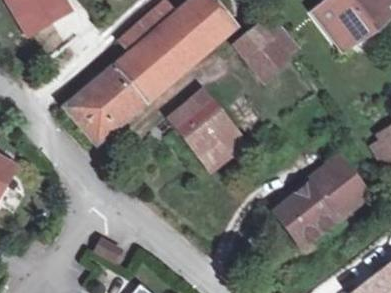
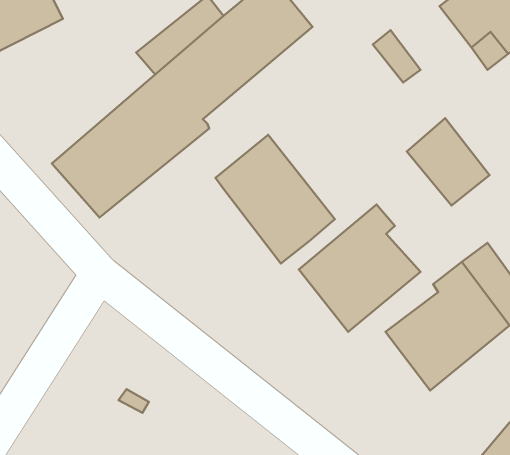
building: [236,24,288,79] -> [407,118,490,205]
building: none -> [299,205,420,332]

